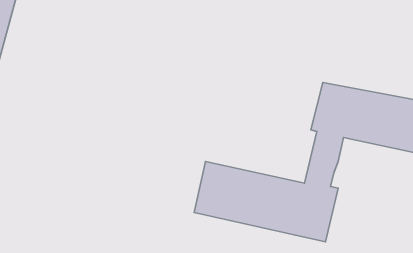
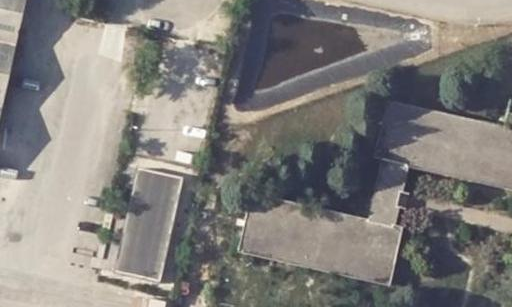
building: none -> [112,166,181,280]

